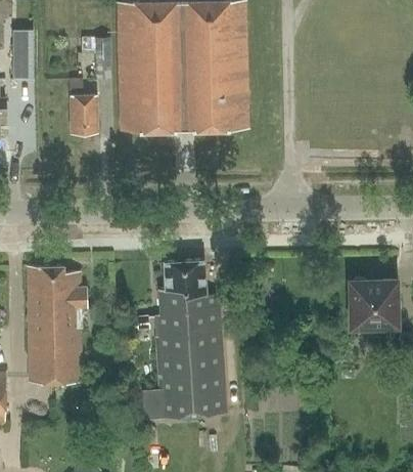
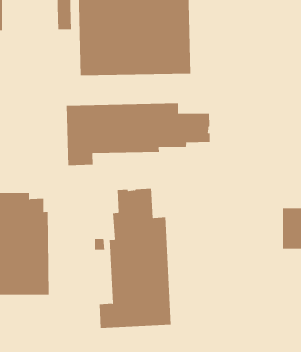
building: [71,79,98,133] -> none
building: none -> [66,102,210,166]

